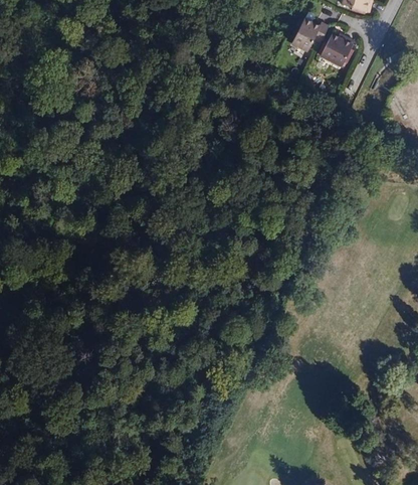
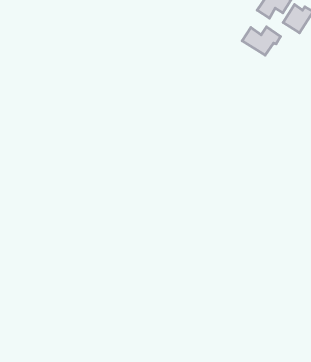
building: none -> [242,27,281,55]

